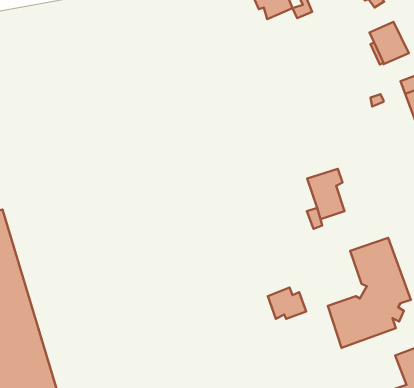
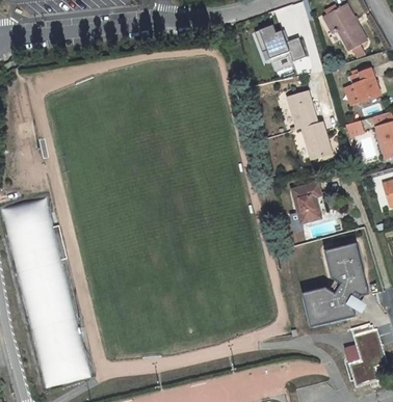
building: none -> [286,90,331,159]
building: [268,288,306,319] -> none

